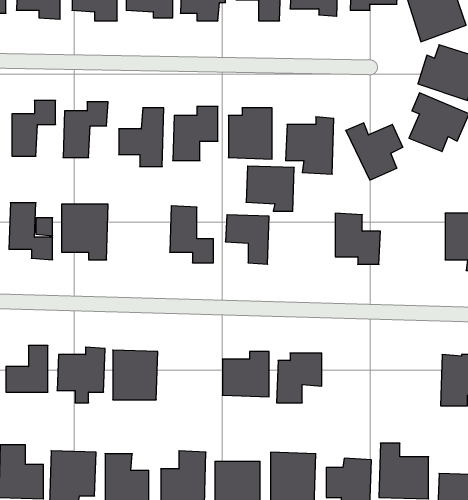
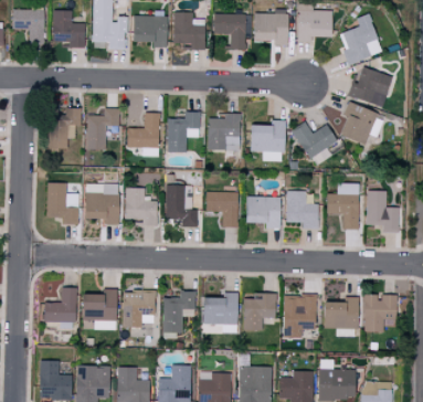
building: [246,166,294,211] -> [245,195,281,229]
building: none -> [326,183,359,229]
building: none -> [125,188,158,225]
building: none -> [162,290,195,332]
building: none -> [284,296,315,337]
building: none -> [324,296,358,336]

